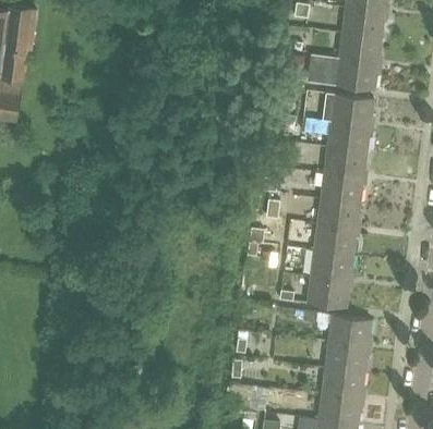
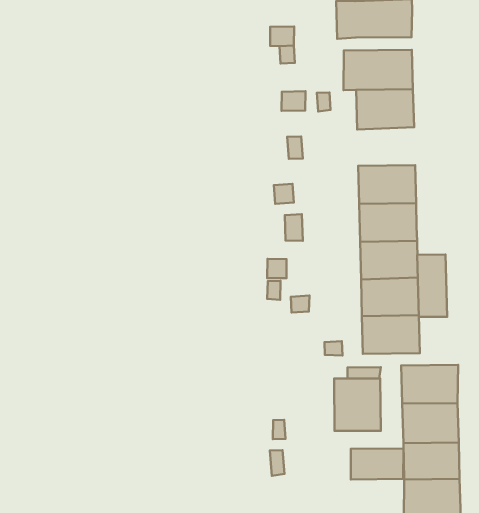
building: [323,149,365,180] -> none
building: none -> [417,254,447,317]
building: none -> [334,378,381,431]
building: none -> [351,449,403,479]

